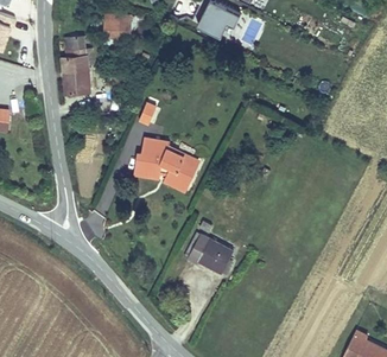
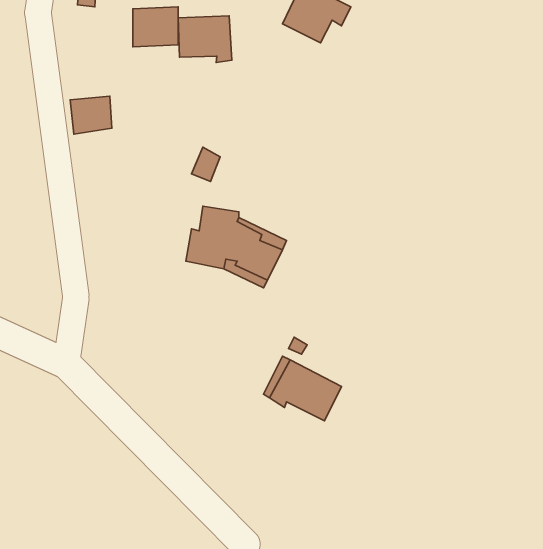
building: none -> [178,16,232,62]
building: [63,37,89,74] -> none

